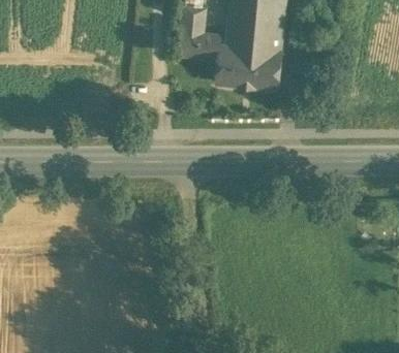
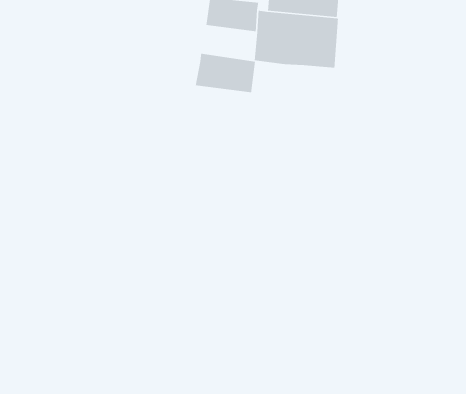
building: none -> [195,53,256,93]

